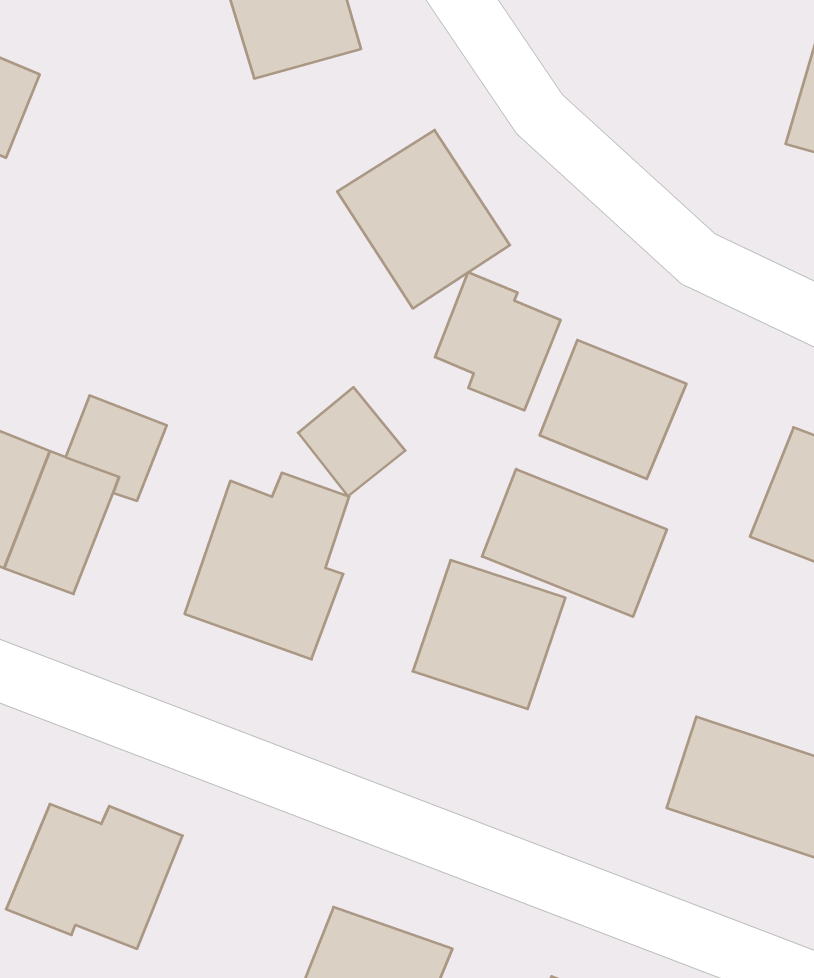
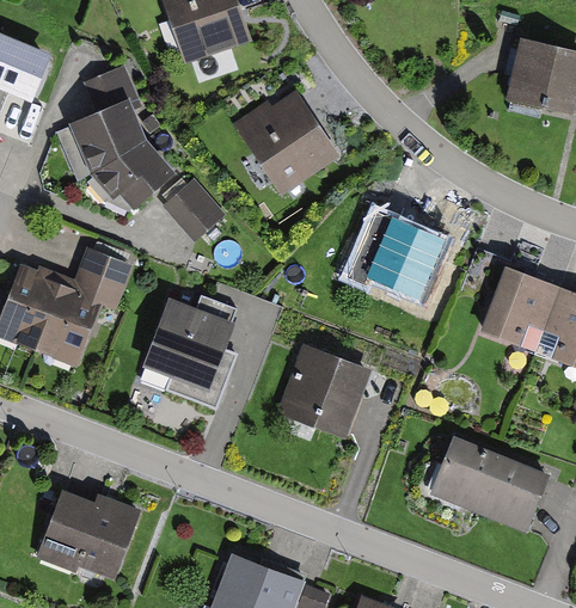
building: none -> [69,67,172,210]
building: [435,272,560,410] -> none
building: [298,387,405,496] -> [161,177,226,242]
building: [482,469,667,617] -> none

